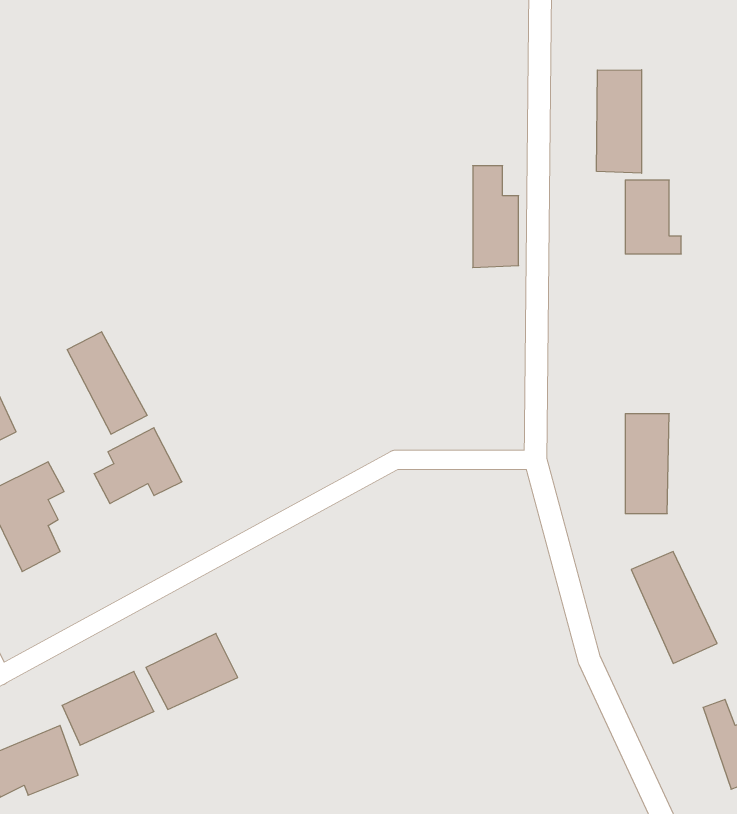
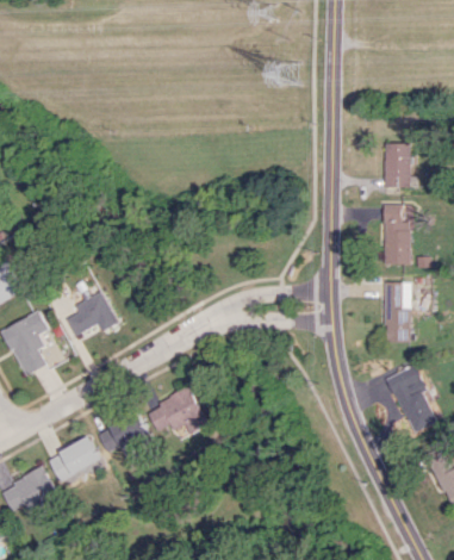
building: [597,70,642,173] -> none
building: [473,166,519,268] -> [383,204,410,265]
building: [67,332,147,434] -> none
building: none -> [147,387,209,440]

